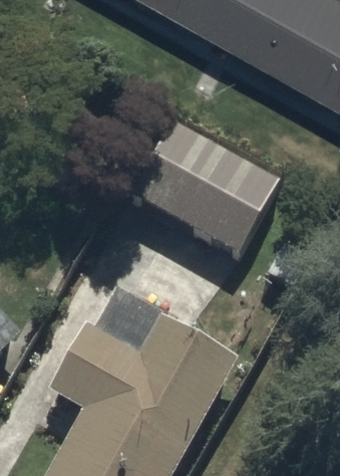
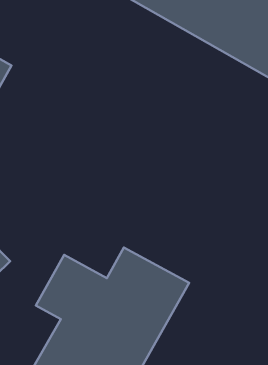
building: [125,124,274,257] -> none

